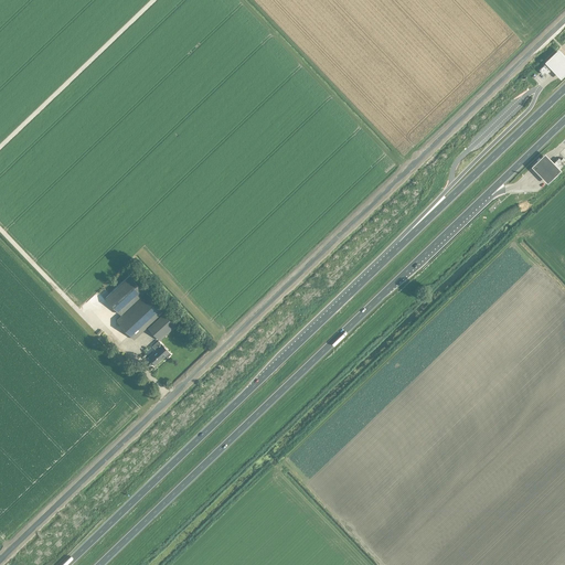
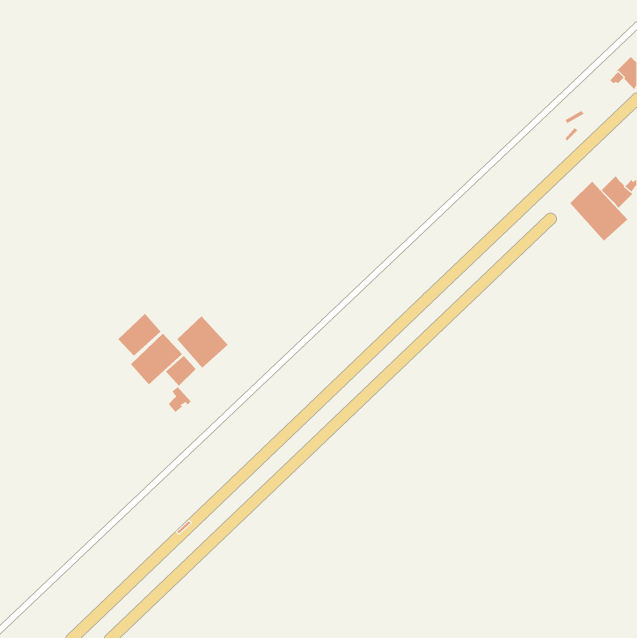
building: none -> [569,181,628,242]
building: none -> [177,316,228,369]

